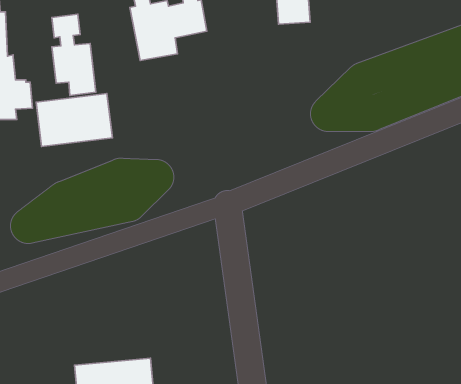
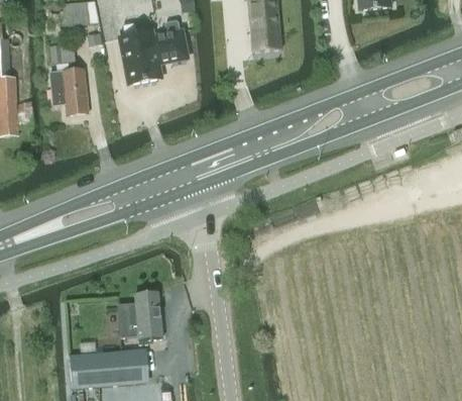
building: [36,93,112,147] -> none
building: none -> [122,290,161,342]

